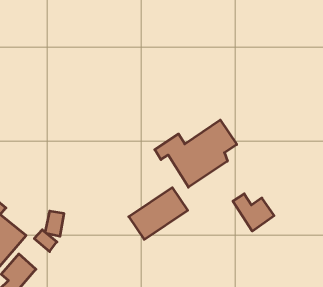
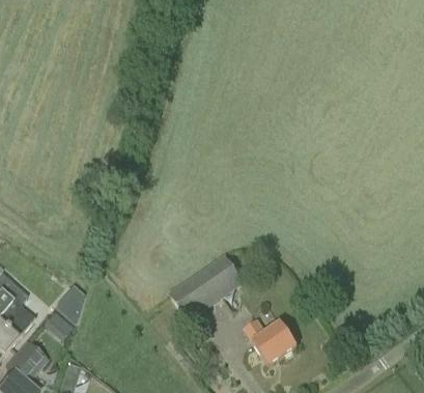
building: [155,120,237,187] -> none
building: [233,194,274,231] -> [244,316,296,364]

